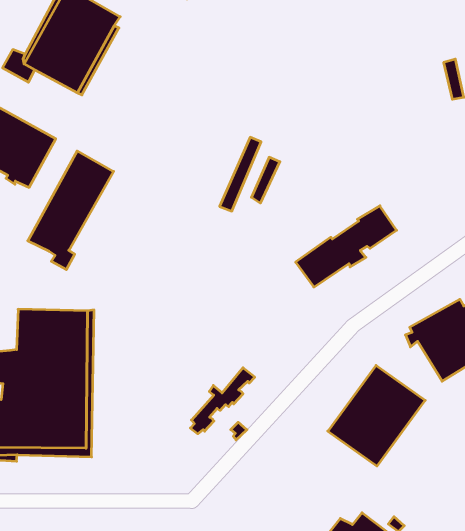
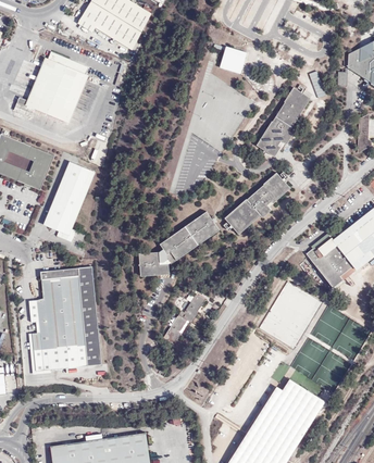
building: none -> [220,48,247,75]
building: none -> [255,88,309,157]
building: none -> [138,212,217,274]

